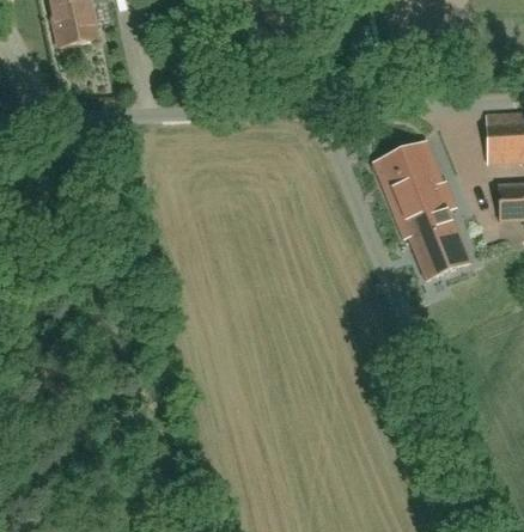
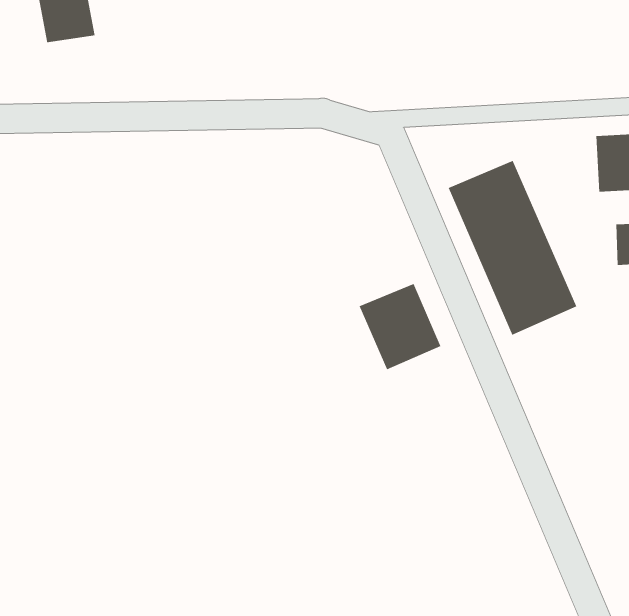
building: none -> [359,283,441,370]

